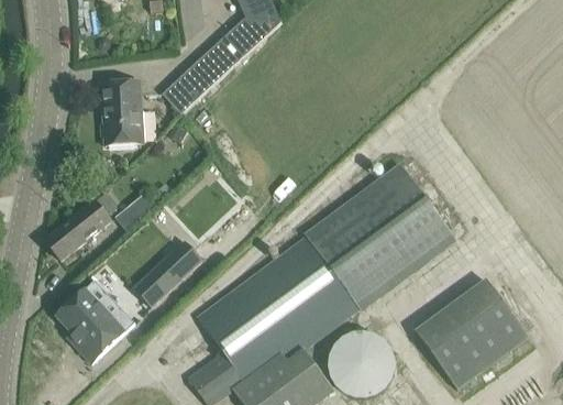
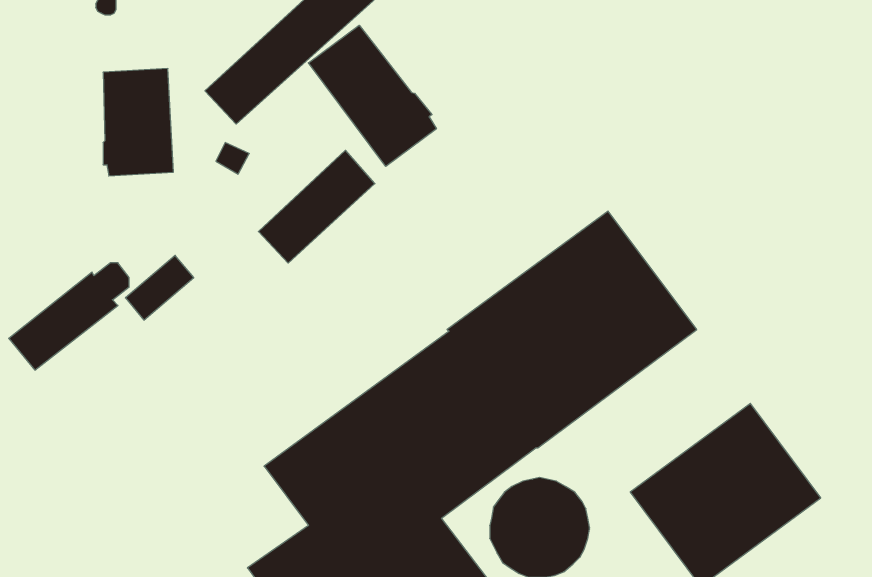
building: none -> [308,25,436,166]
building: [133,240,202,307] -> [258,150,375,263]
building: [56,280,134,363] -> none

